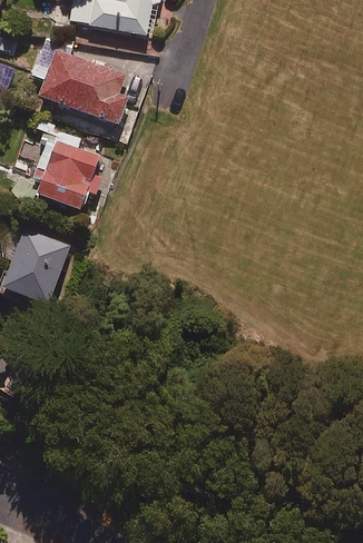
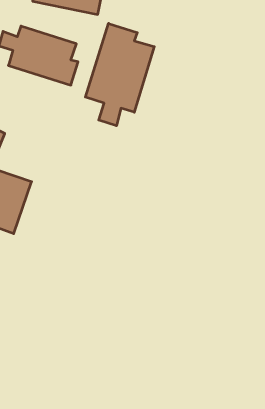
building: none -> [85,23,154,126]
building: [38,140,102,209] -> none

